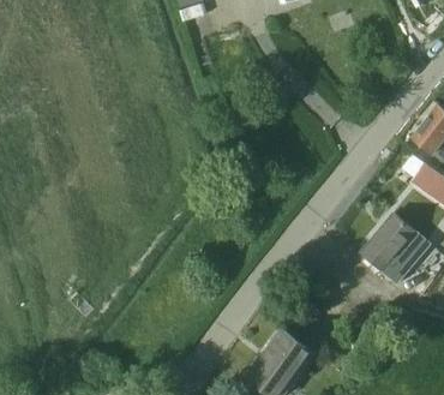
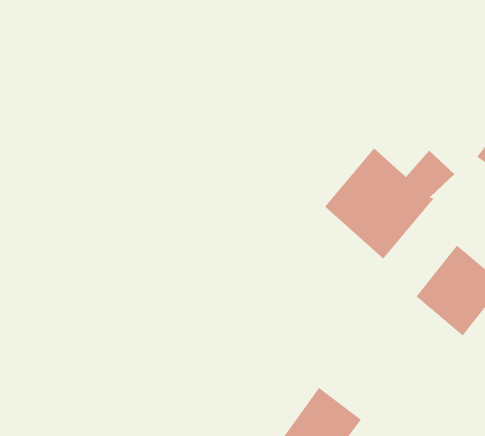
building: none -> [324,147,455,259]

